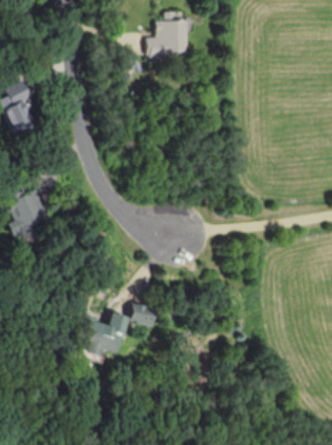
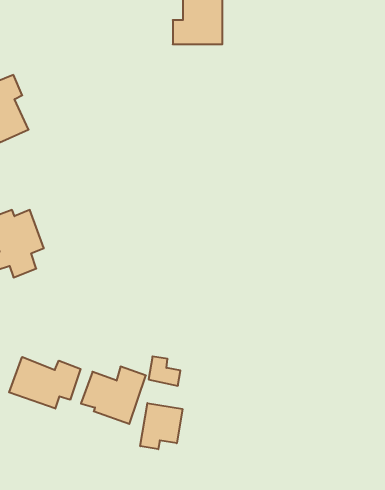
building: none -> [9,357,81,409]
building: none -> [140,403,182,449]

